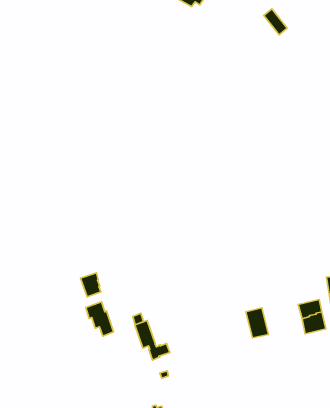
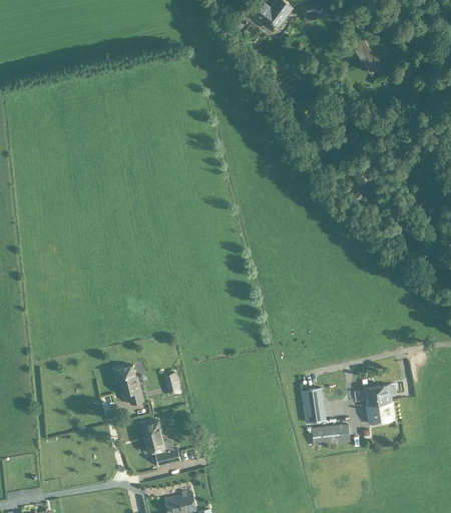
building: [81,273,101,297] -> none
building: [135,320,170,360] -> [141,419,179,466]
building: none -> [312,423,349,444]

